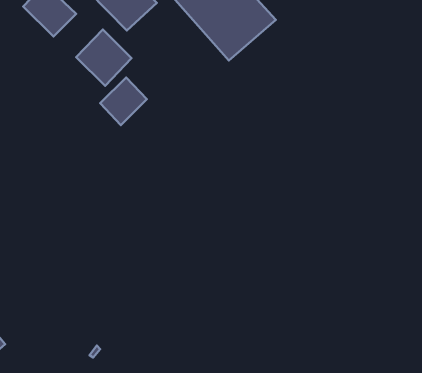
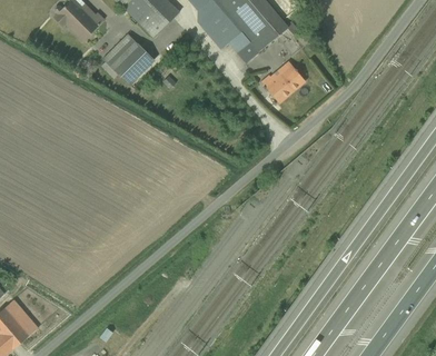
building: none -> [261,60,305,102]
building: [100,77,147,125] -> none

